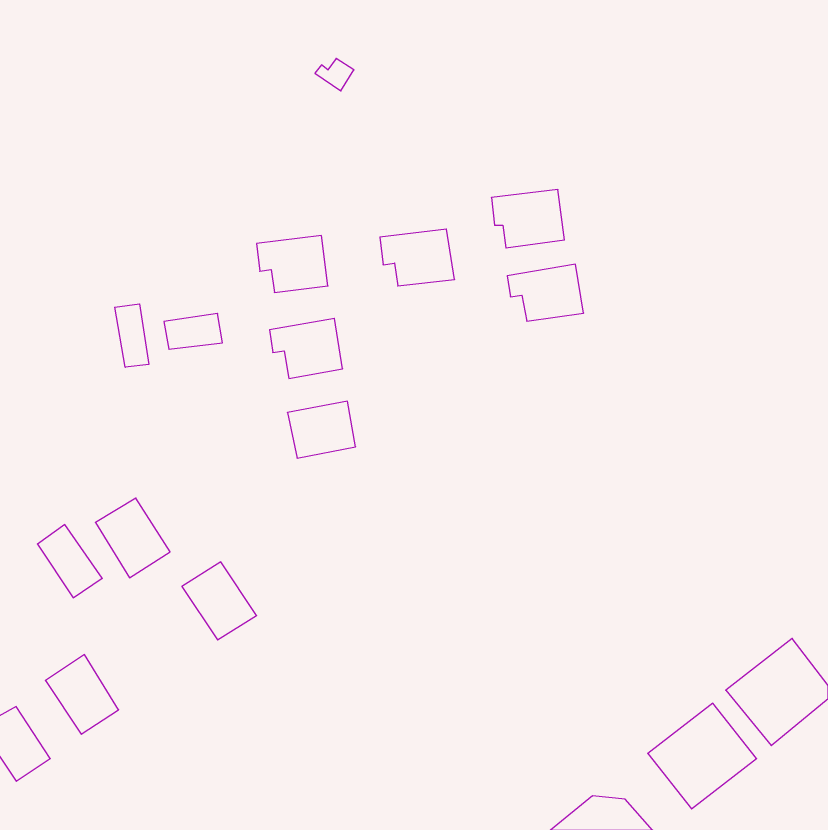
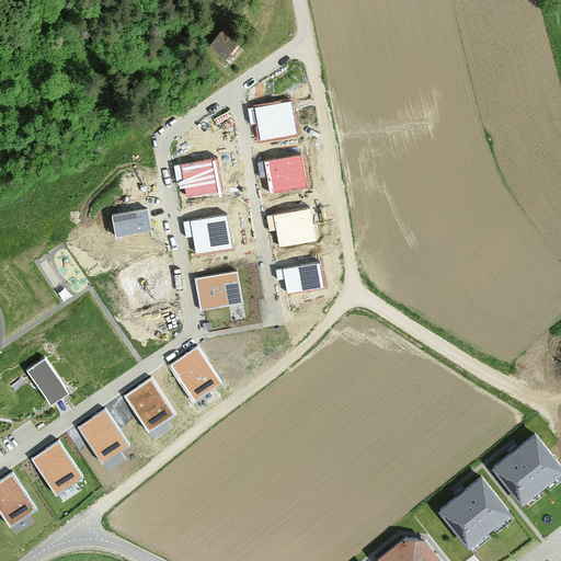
building: [491,190,564,248] -> [247,101,296,140]
building: [507,264,584,321] -> [265,208,317,247]
building: [115,304,149,367] -> none
building: none -> [274,262,323,294]
building: [95,498,170,578] -> [78,411,128,465]
building: none -> [169,347,220,402]

